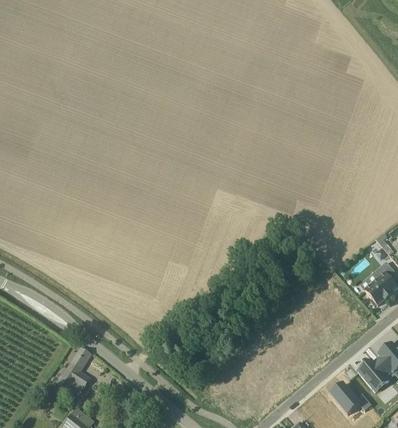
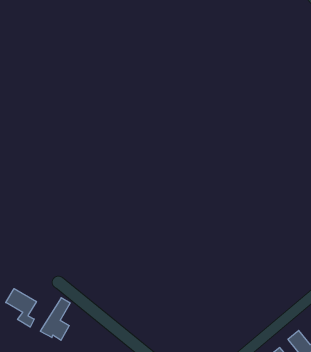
building: none -> [6,289,36,327]

